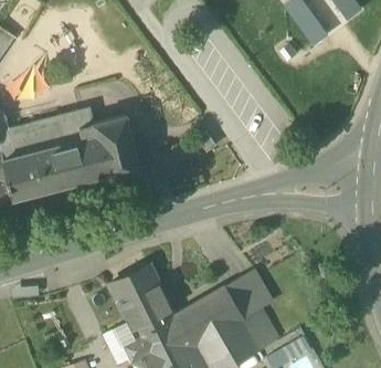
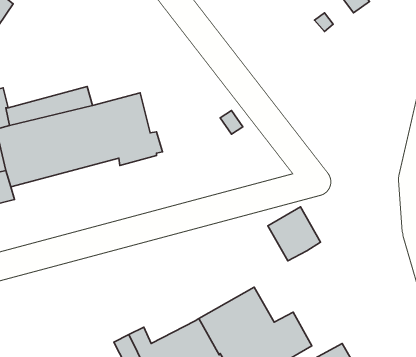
building: [110,265,173,336] -> none
building: [225,270,272,317] -> [268,207,321,261]

